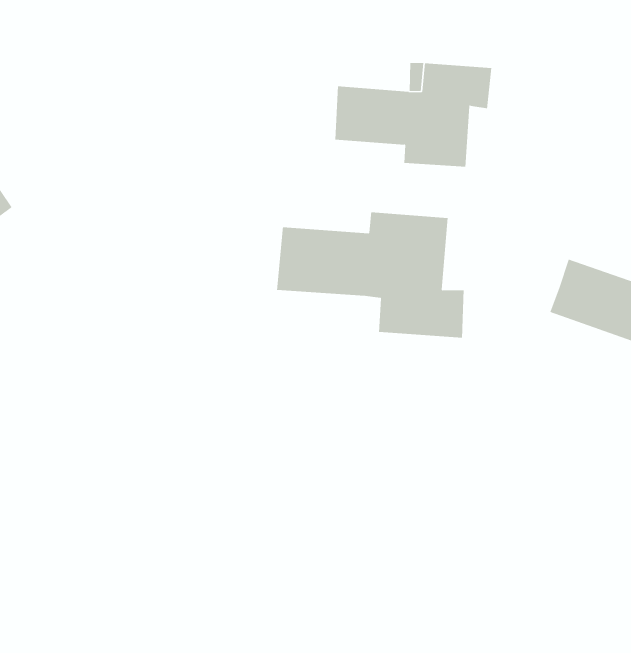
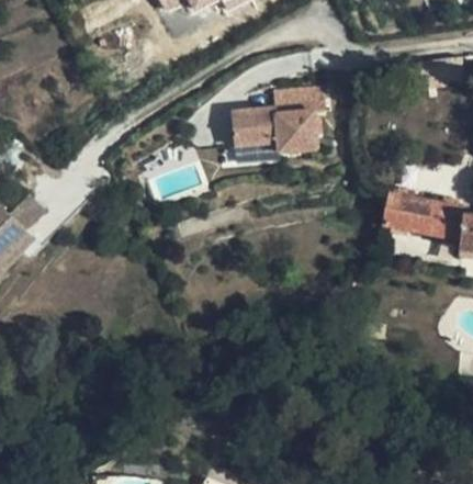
building: [277,211,464,338] -> none

